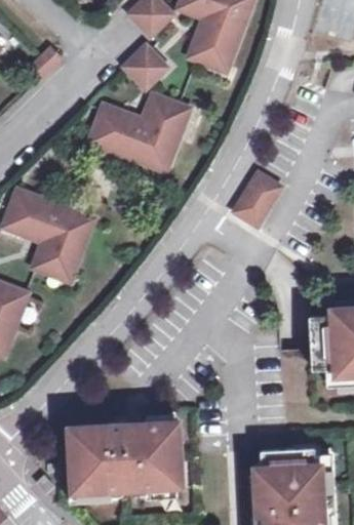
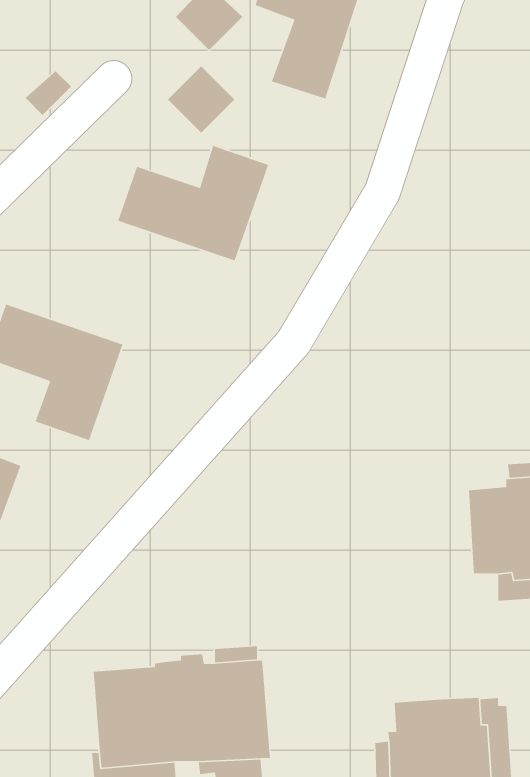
building: [232,170,280,225] -> none

